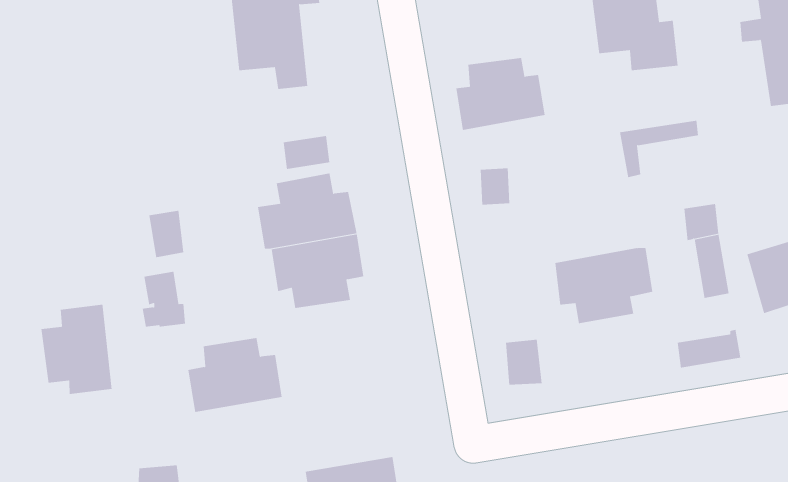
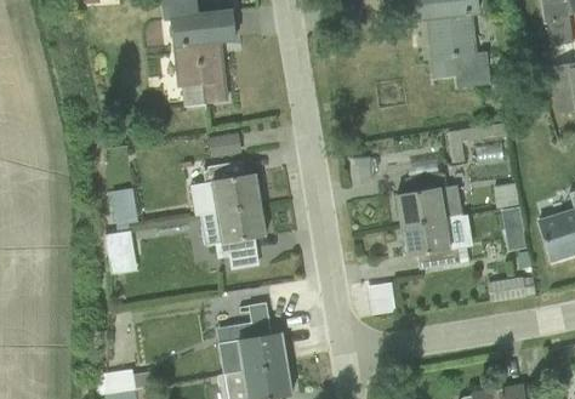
building: [455,58,545,131] -> [398,173,462,226]
building: [41,304,112,395] -> none
building: [188,338,283,412] -> [220,321,288,375]

